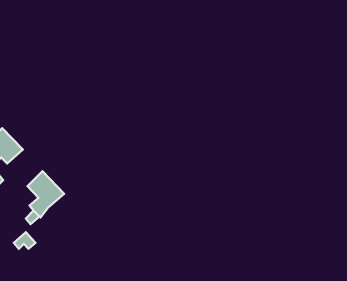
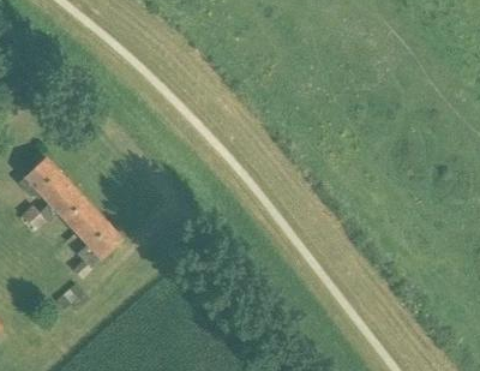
building: none -> [52,184,95,228]

